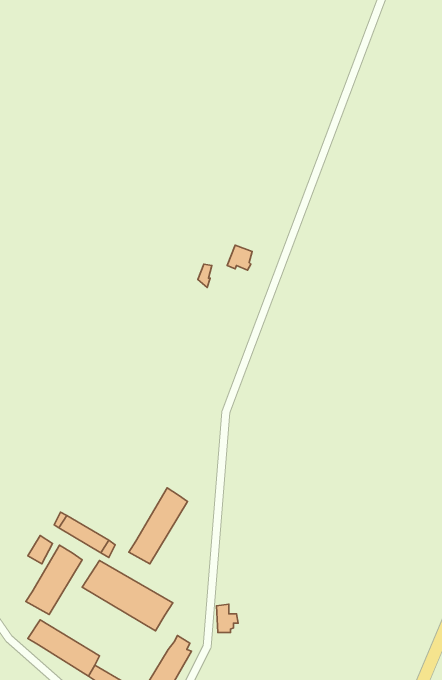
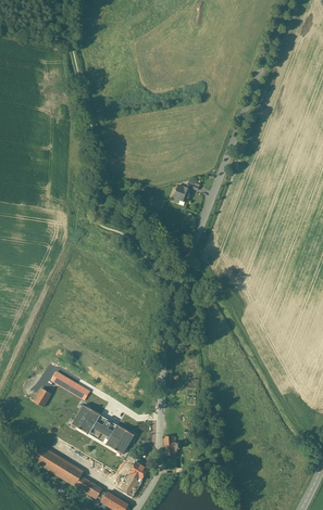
building: [129,488,188,564] -> none
building: [26,545,82,614] -> none

